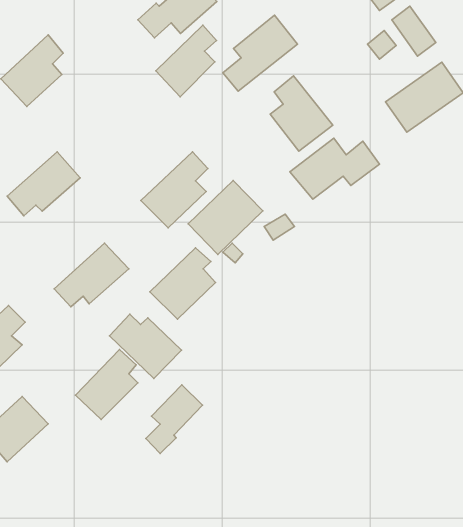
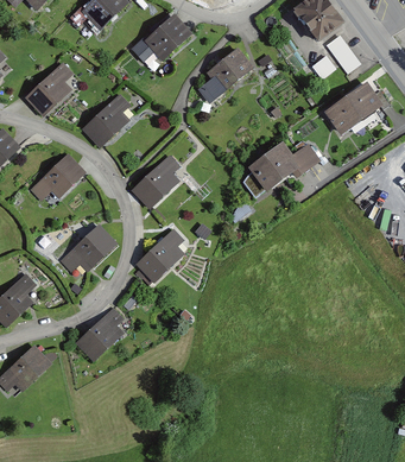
building: [156,25,217,97] -> [87,93,134,148]
building: [270,76,333,151] -> none
building: [188,180,263,254] -> none
building: [110,314,181,379] -> none
building: [146,385,203,453] -> none

